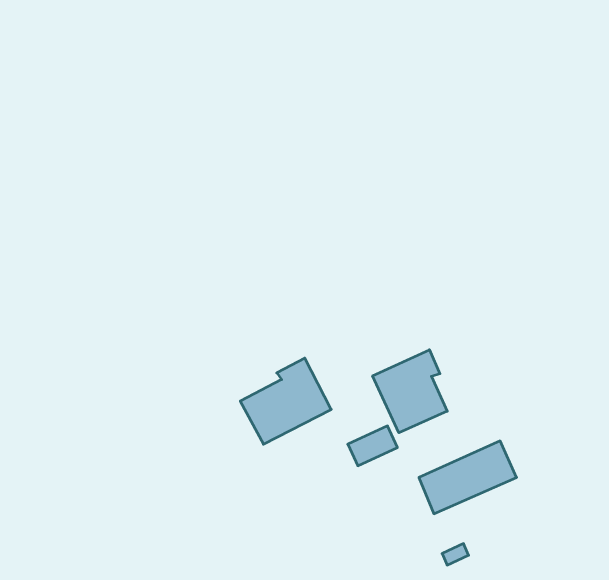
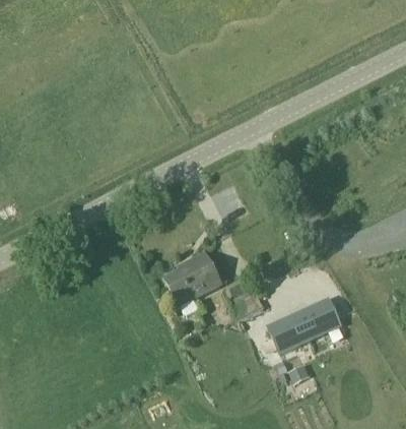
building: [373,350,447,433] -> none

